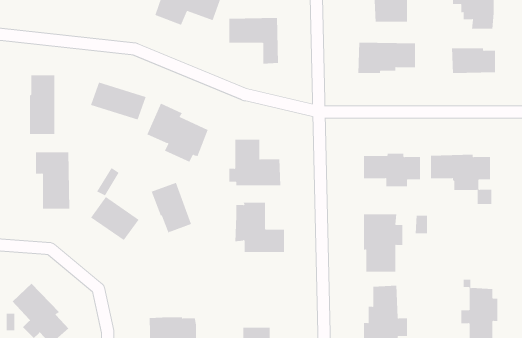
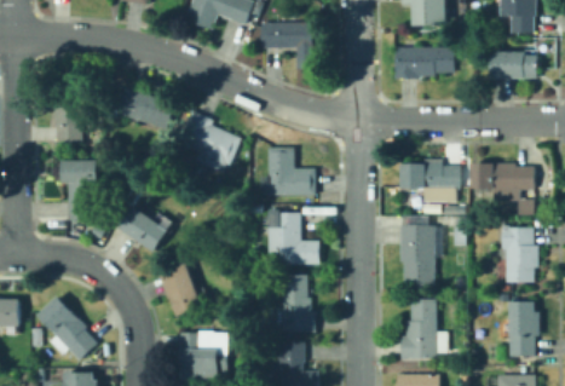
building: [151,182,192,235] -> [160,263,202,317]
building: none -> [502,225,537,282]
building: none -> [270,273,316,332]

